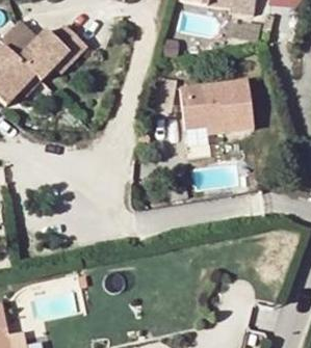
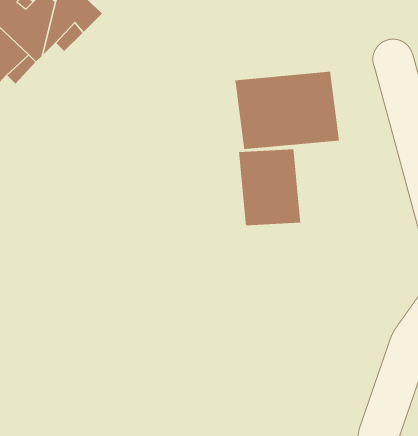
building: none -> [239,148,301,226]

